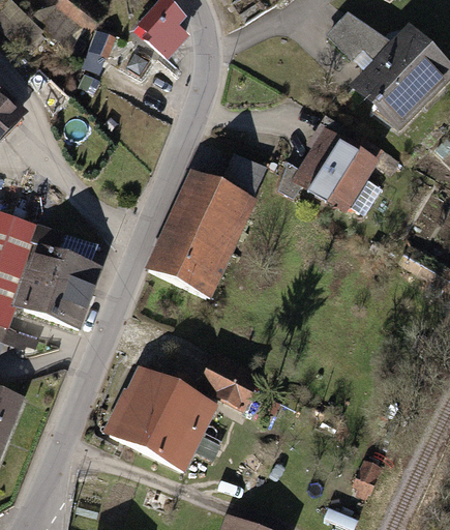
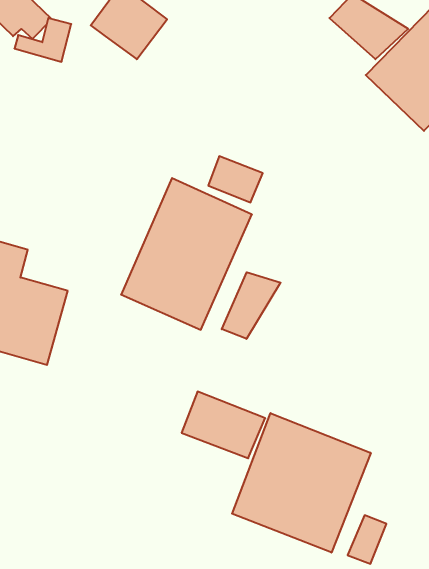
building: [292,122,380,211] -> none
building: none -> [222,272,281,339]
building: [100,363,219,470] -> none
building: none -> [232,413,371,553]

